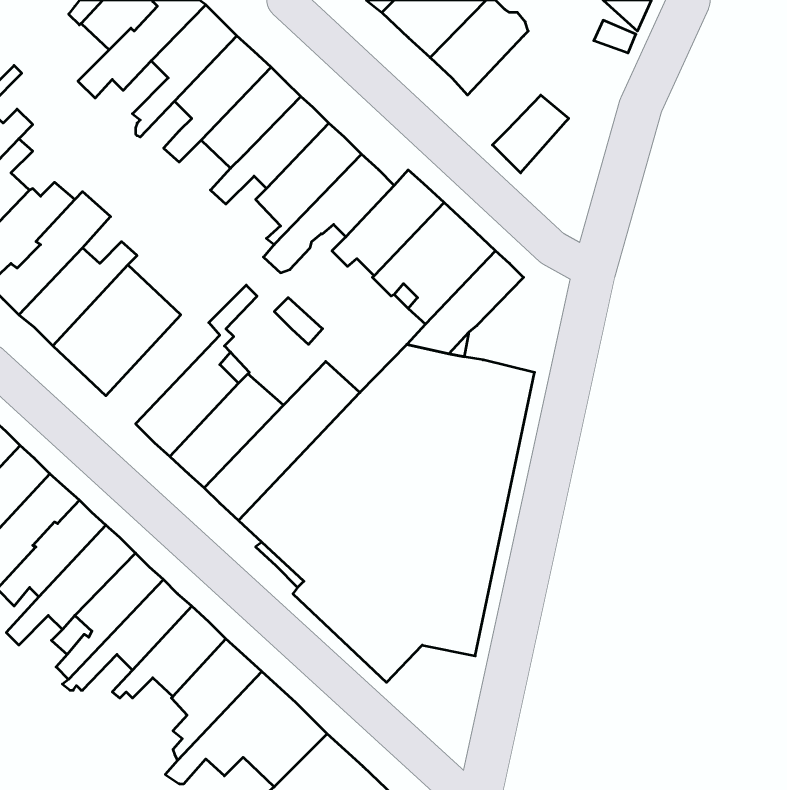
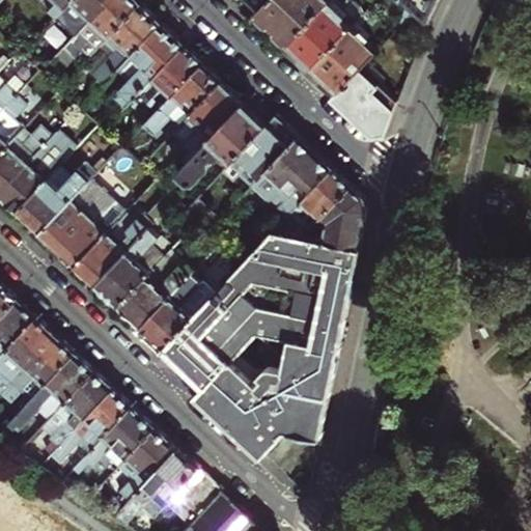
building: none -> [311,28,373,91]
building: none -> [346,85,394,137]
building: none -> [317,189,363,252]
building: none -> [71,208,146,286]

